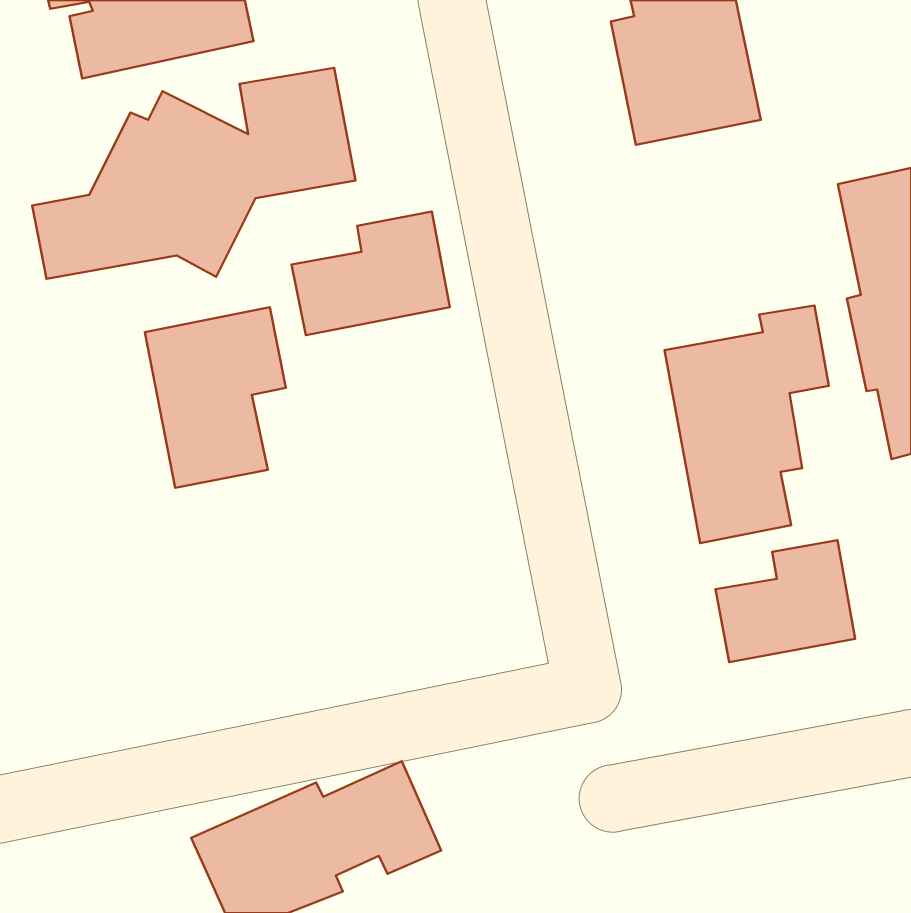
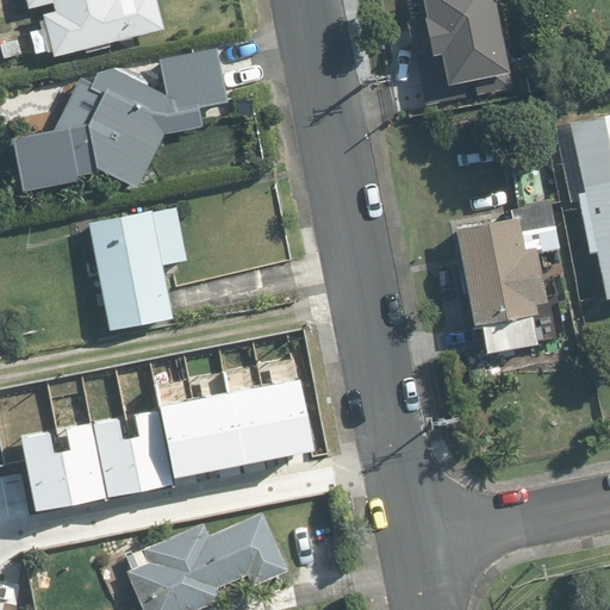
building: [292,211,450,335] -> none
building: [715,540,855,662] -> none
building: none -> [18,382,311,512]

